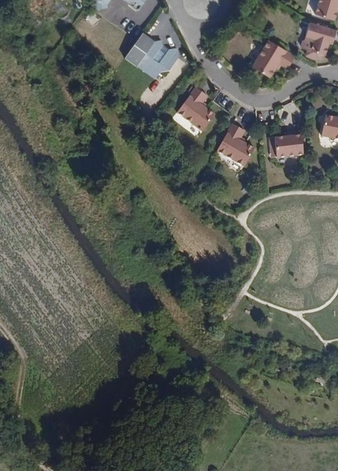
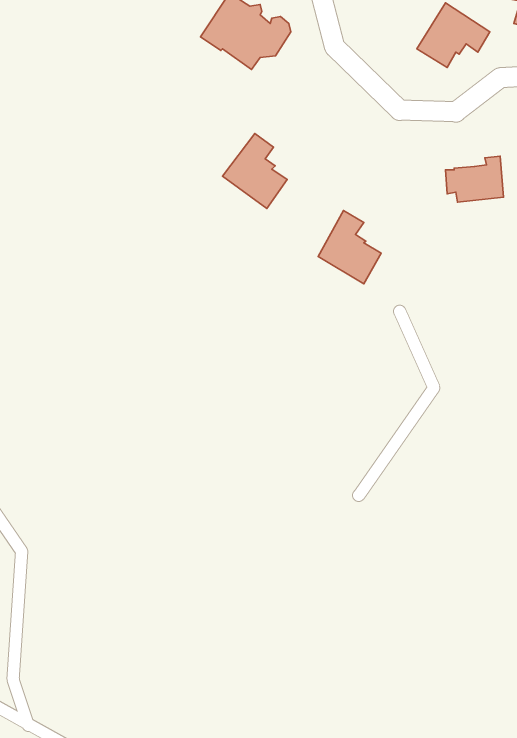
building: [176,87,214,131] -> [222,133,287,208]
building: [217,123,254,166] -> [318,211,381,284]

